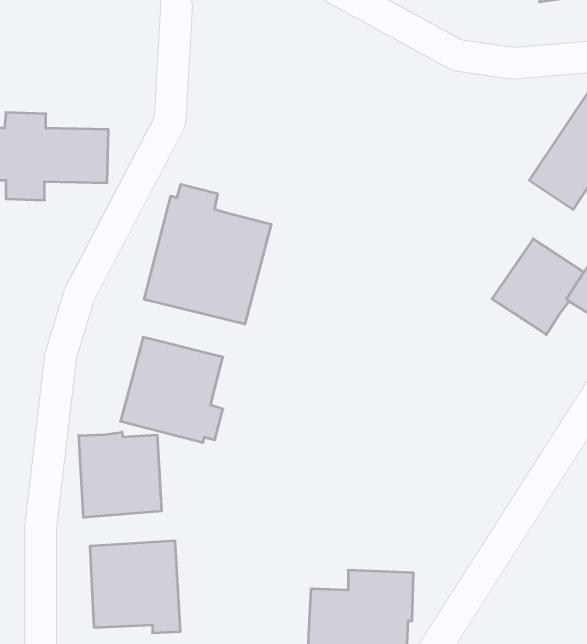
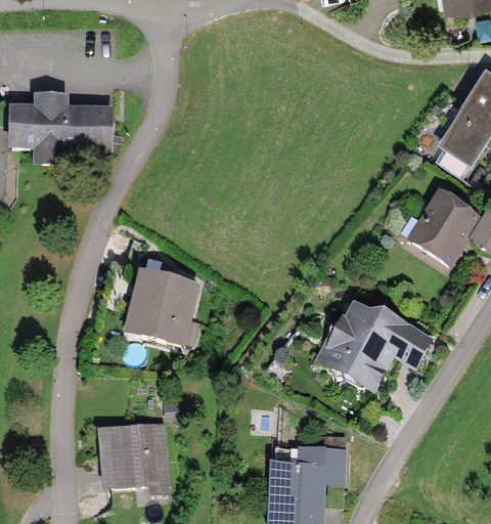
building: [144,184,271,324] -> none
building: none -> [315,299,436,392]
building: [79,432,162,518] -> none

